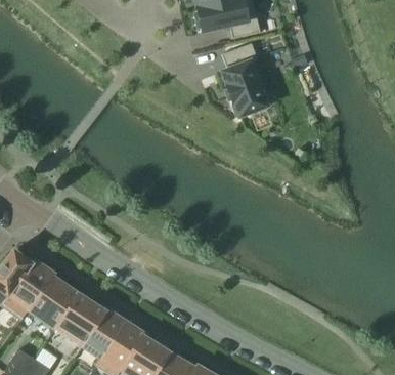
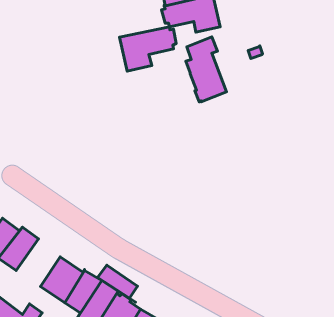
building: none -> [120,27,176,71]
building: [28,273,78,327] -> none
building: none -> [97,265,137,302]

